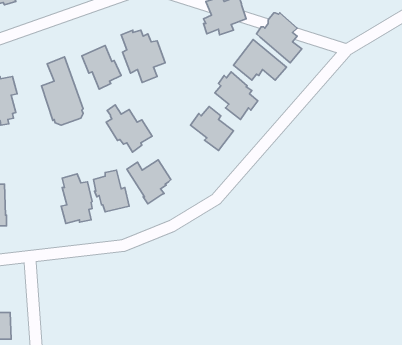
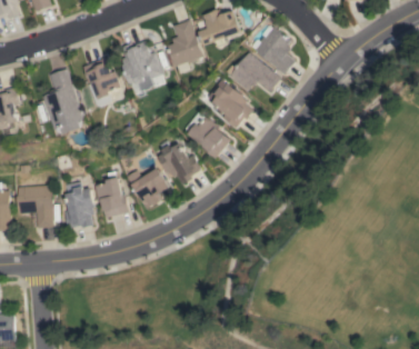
building: none -> [167,19,203,67]
building: [106,105,152,152] -> [157,139,201,185]
building: none -> [16,185,53,228]

